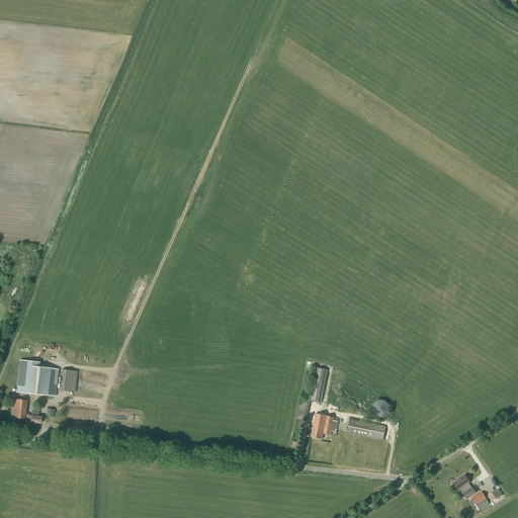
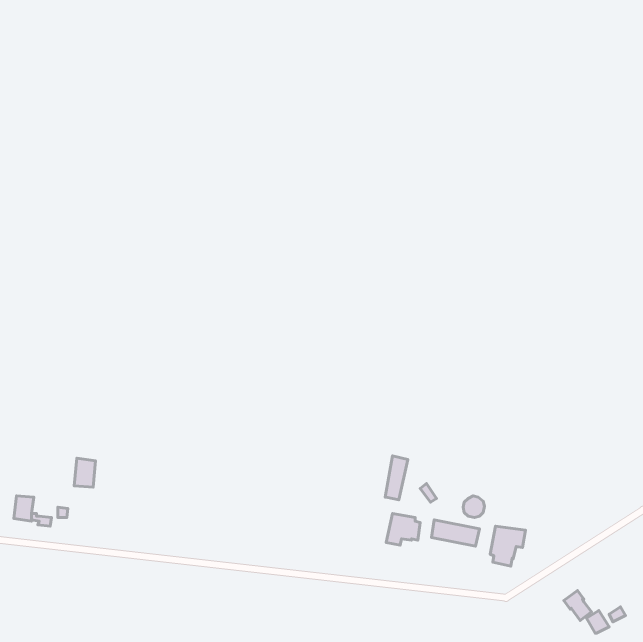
building: [15,359,58,396] -> none
building: none -> [490,526,526,566]

